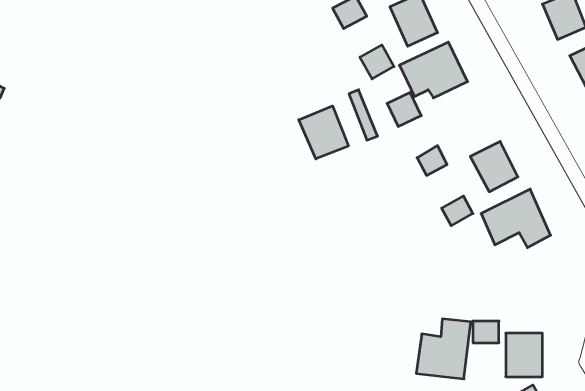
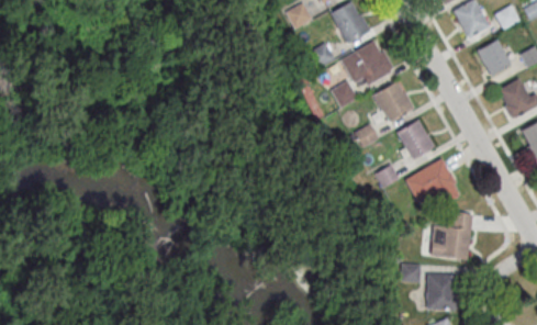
building: none -> [373,80,413,121]
building: [299,106,348,159] -> none
building: [416,319,471,379] -> [429,212,473,260]

